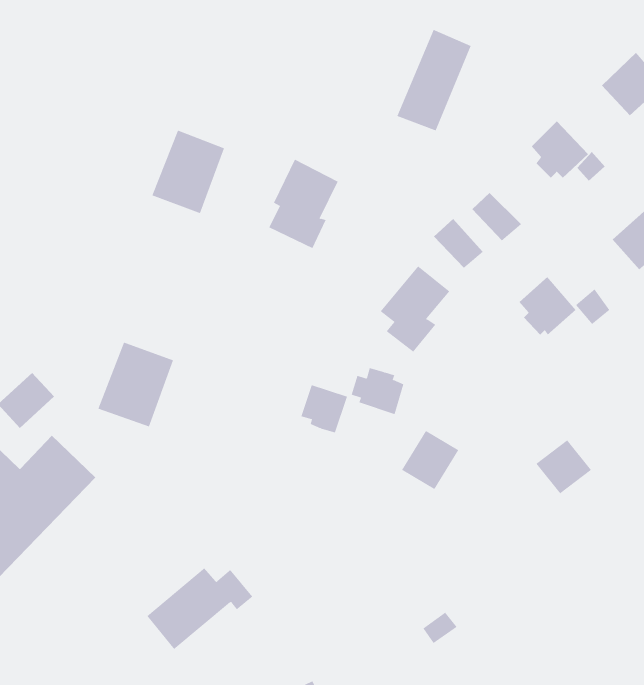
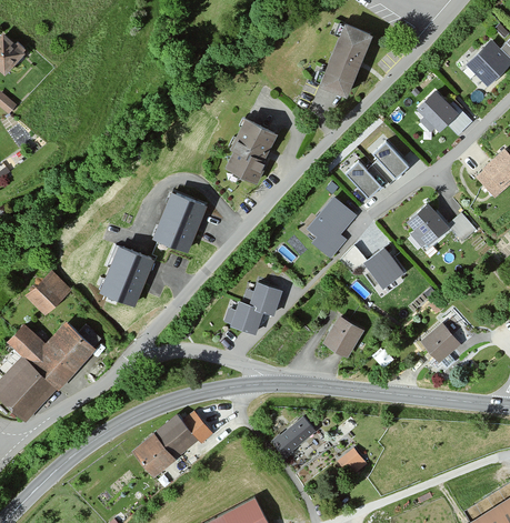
building: [152,130,225,214] -> [153,197,207,258]
building: none -> [362,247,403,289]
building: [351,367,404,415] -> [223,301,262,335]
building: none -> [273,414,317,455]

